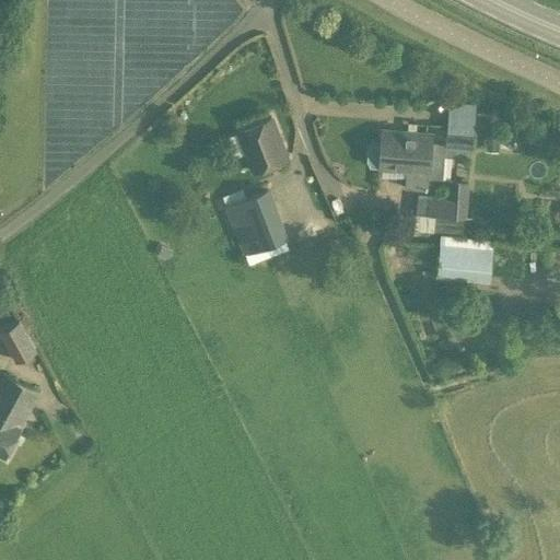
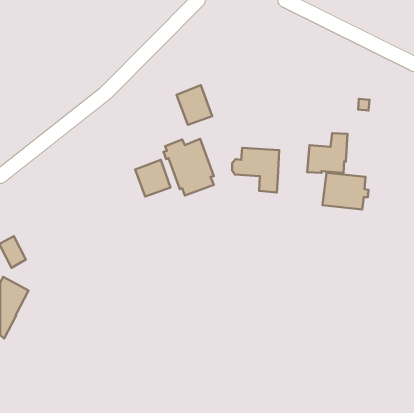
building: [445,104,476,160] -> none
building: [368,131,431,191] -> [232,148,279,192]
building: none -> [135,160,170,196]

